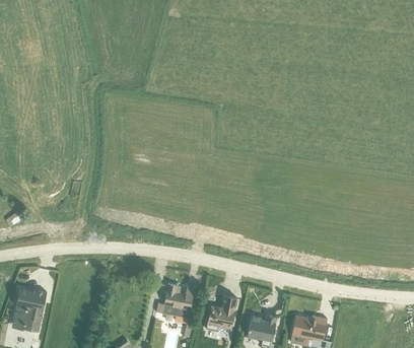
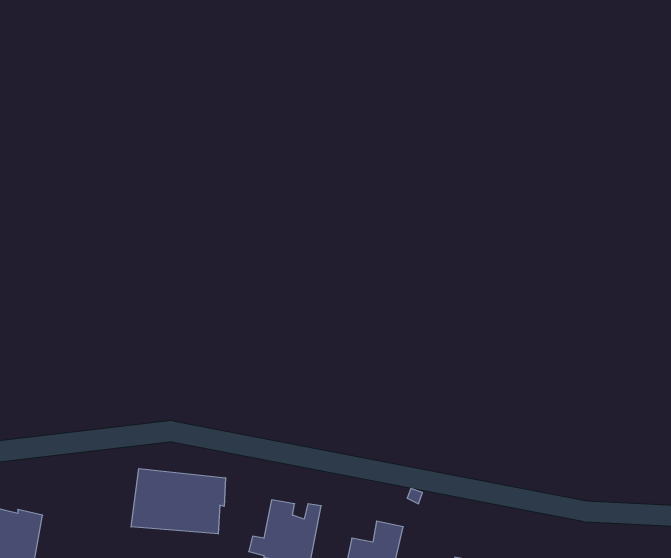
building: none -> [131,469,226,534]

